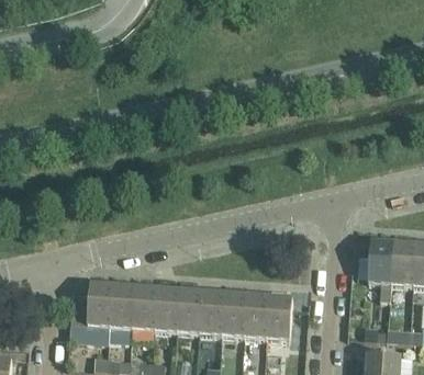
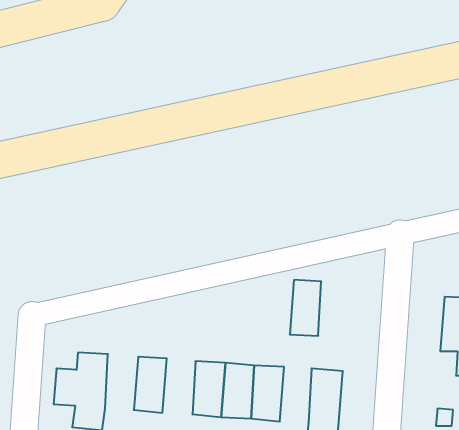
building: [110,285,135,328] -> none
building: [154,288,179,331] -> none
building: [244,295,268,338] -> [290,280,321,336]

